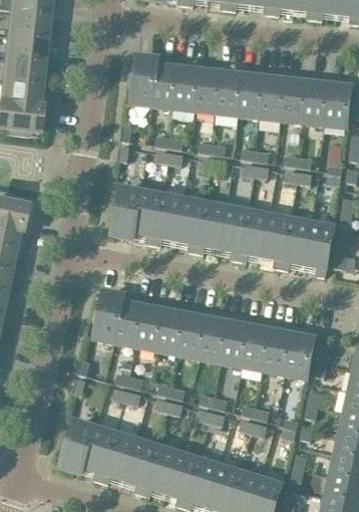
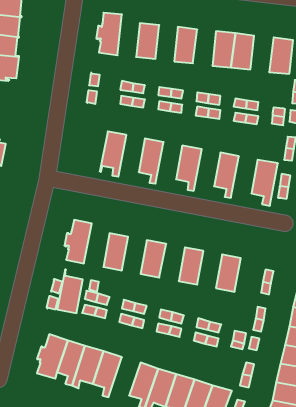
building: [152,60,177,108] -> none
building: [196,72,221,113] -> none
building: [238,77,264,118] -> none
building: [303,84,329,125] -> none
building: [110,190,141,238] -> none
building: [153,197,184,246] -> none
building: [196,205,226,254] -> none
building: [239,213,269,262] -> none
building: [281,221,311,270] -> none
building: [114,297,143,346] -> [57,270,83,313]
building: [157,312,186,354] -> none
building: [200,320,229,362] -> none
building: [243,328,271,370] -> none
building: [285,336,315,378] -> none
building: [142,449,178,497] -> none

